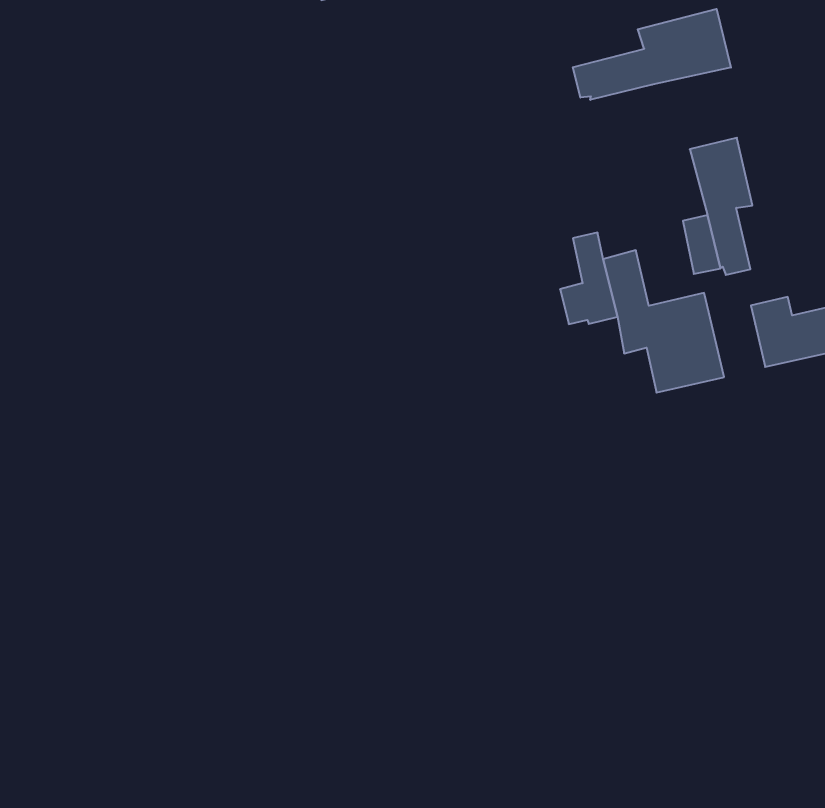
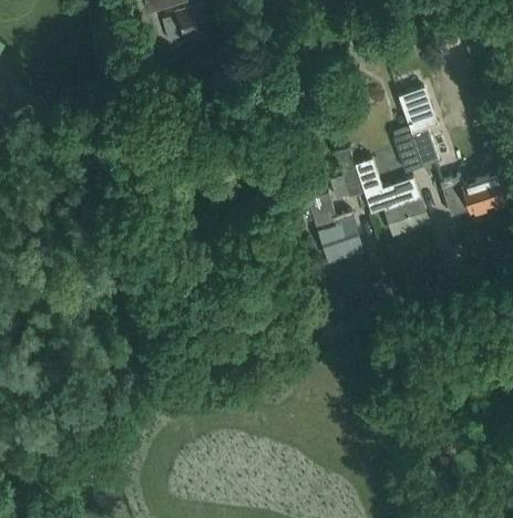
building: [573,9,731,100] -> none
building: none -> [308,194,361,261]

